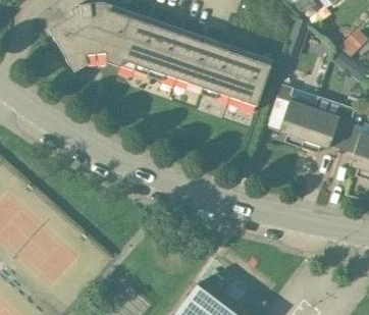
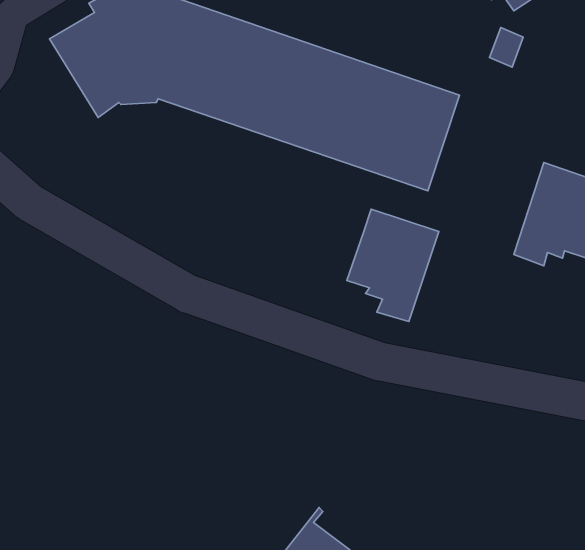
building: [269,85,319,146] -> [347,209,439,322]

